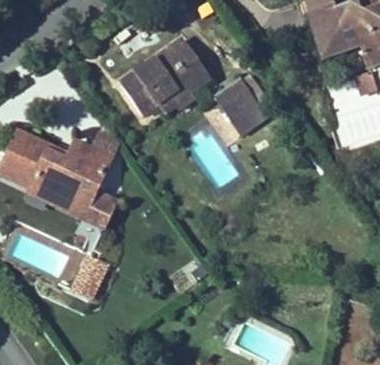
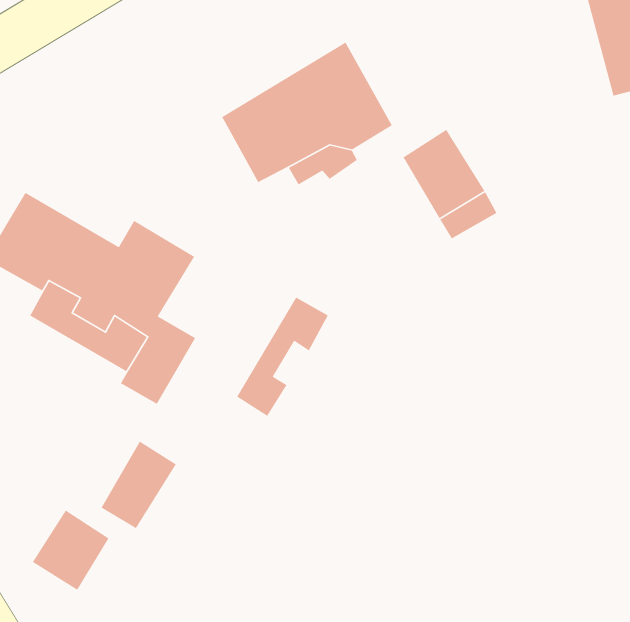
building: none -> [236,297,329,417]
building: none -> [32,510,109,591]

